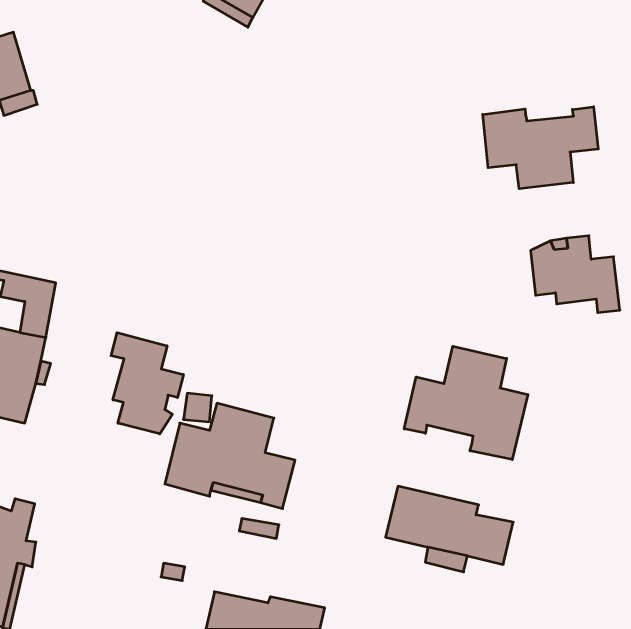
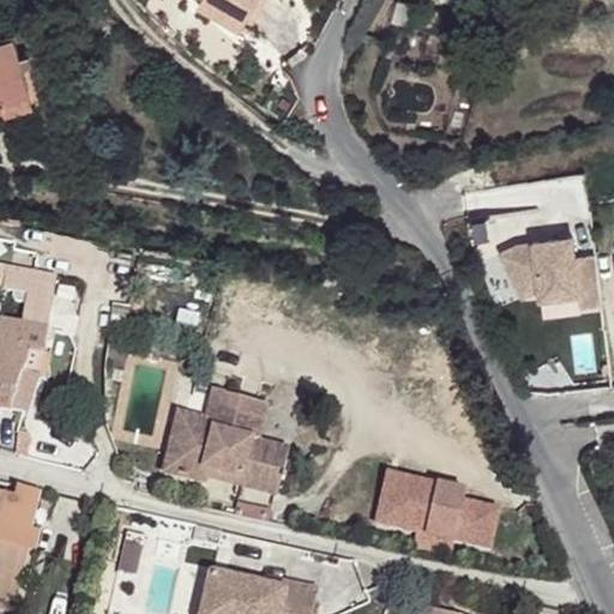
building: [483,107,598,189] -> none
building: [111,333,183,434] -> none
building: [404,346,528,460] -> none

